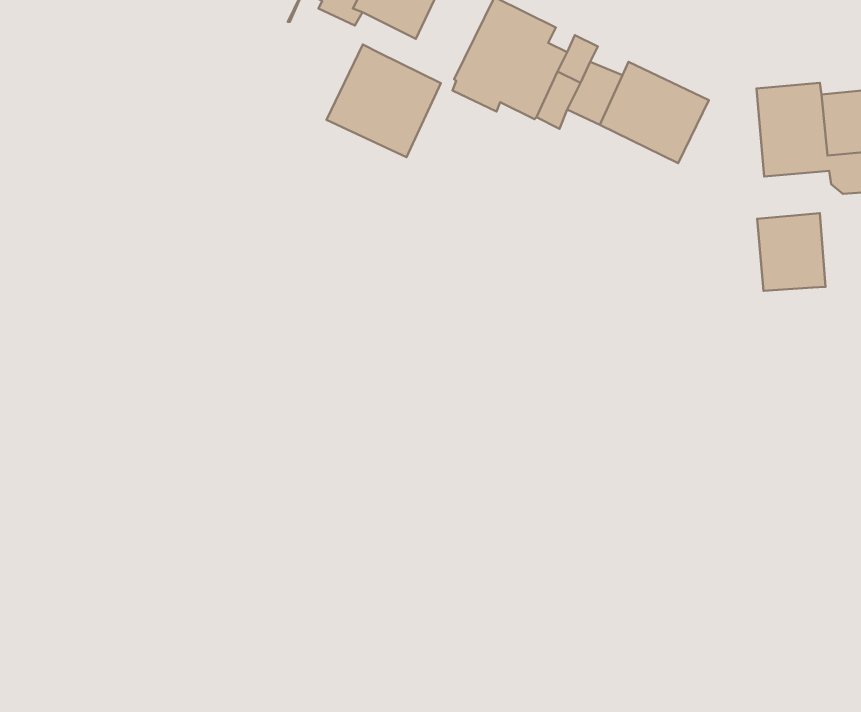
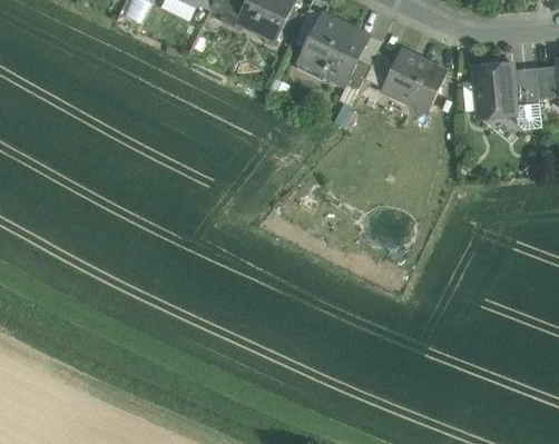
building: [327,45,441,157] -> none
building: [757,213,826,291] -> none

